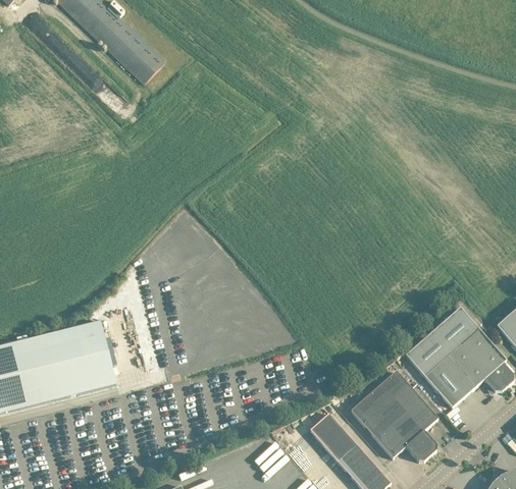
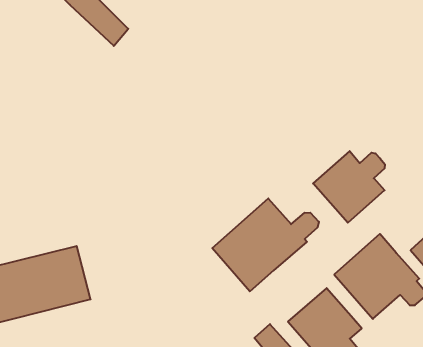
building: none -> [313,151,385,223]
building: none -> [212,198,319,291]

